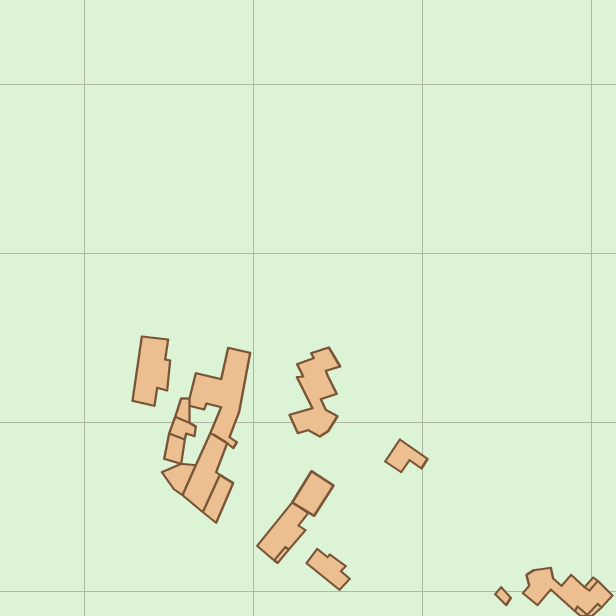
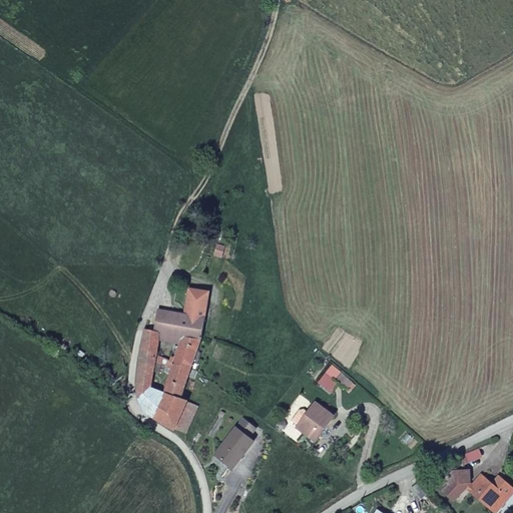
building: [132,336,170,406] -> none
building: [289,347,340,436] -> none
building: [292,471,333,516] -> [300,403,334,440]
building: [306,549,350,590] -> none

